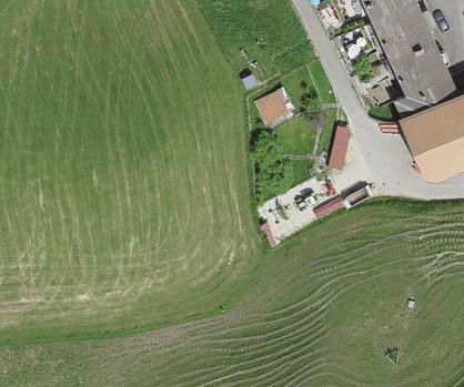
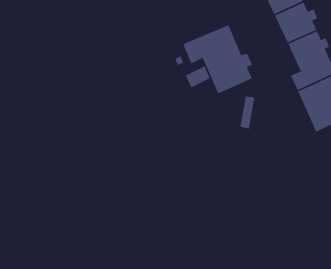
building: none -> [182,24,253,94]

